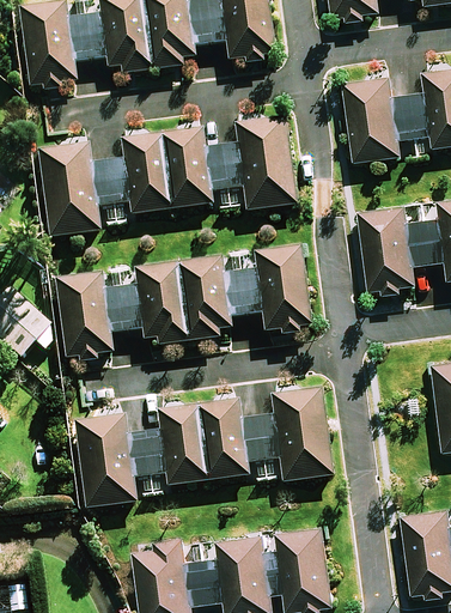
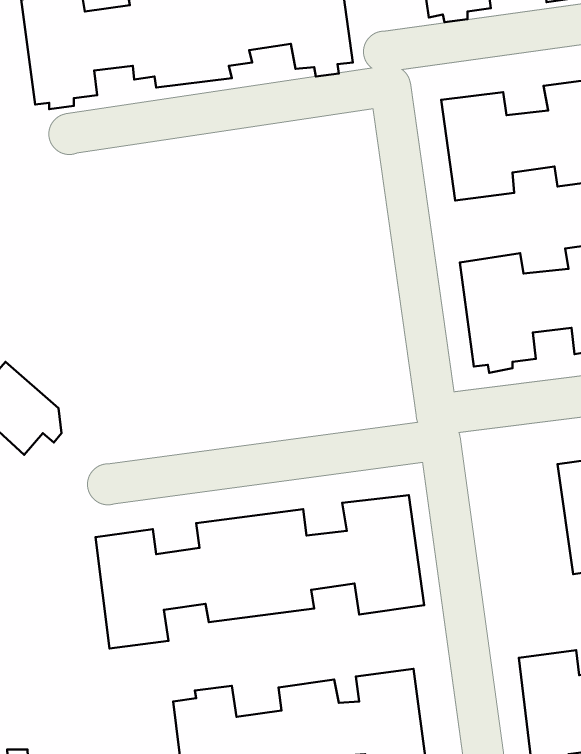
building: [41,116,291,236] -> none
building: [54,247,310,364] -> none

